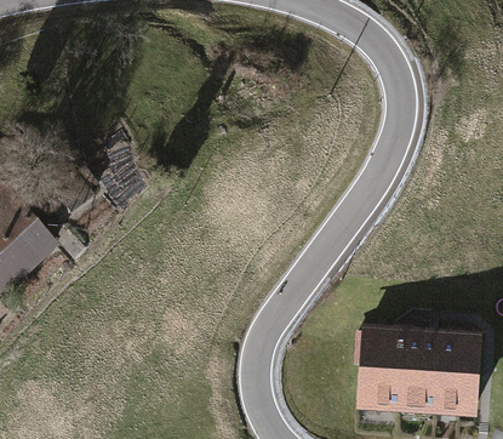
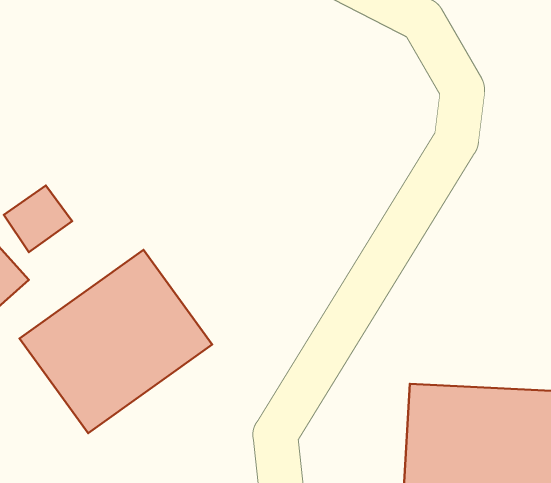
building: none -> [20,250,212,433]

